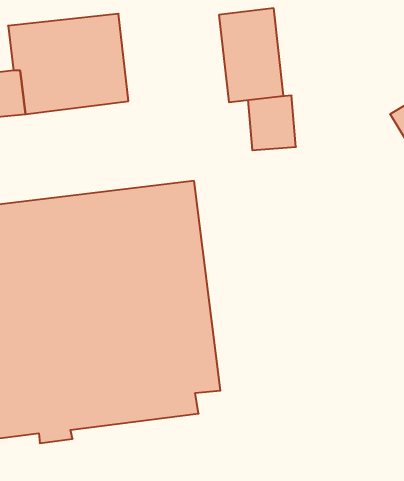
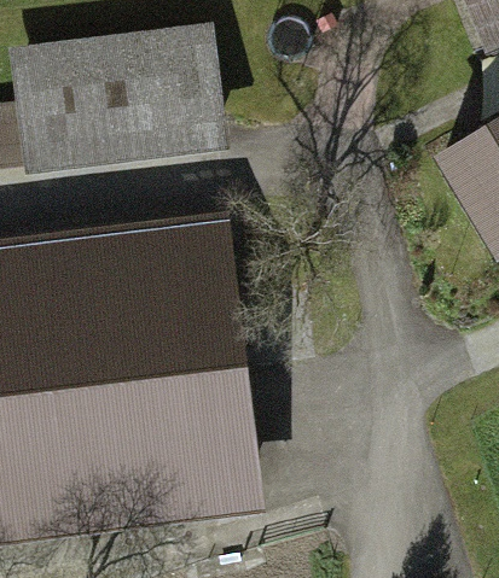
building: [219,8,284,102] -> [145,31,216,135]

